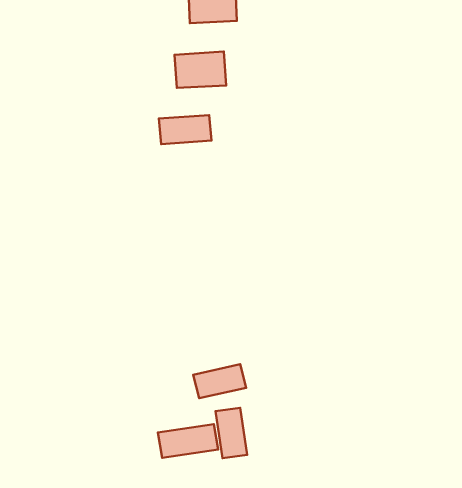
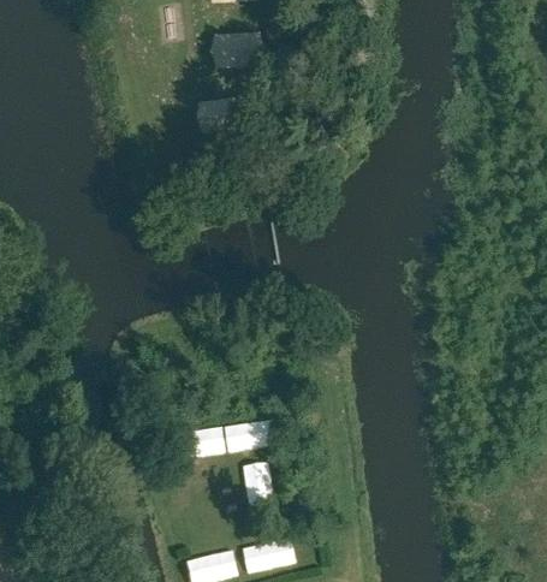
building: [159,115,212,144] -> none
building: [158,424,218,458] -> none

